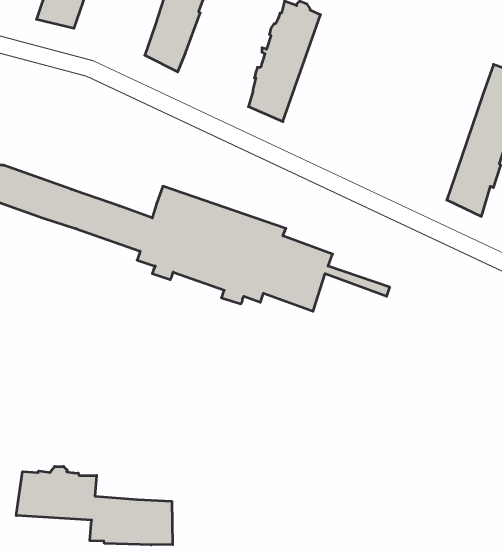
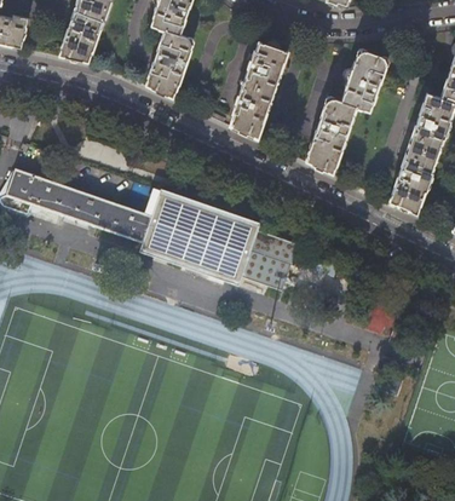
building: none -> [306,48,388,174]
building: [16,466,173,545] -> none

